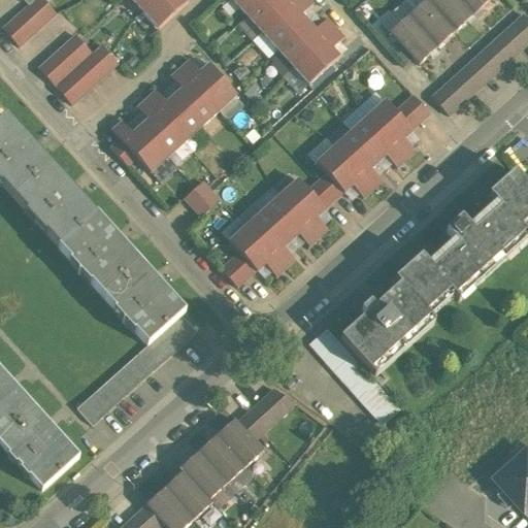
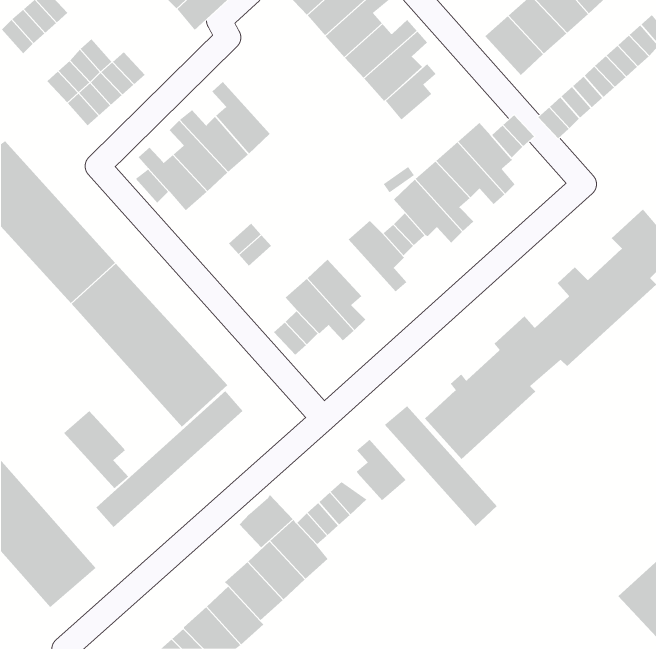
building: none -> [385,64,437,120]
building: [180,56,236,107] -> none
building: [264,192,319,242] -> none
building: none -> [63,410,129,489]
building: none -> [356,439,406,501]
building: none -> [239,494,294,548]

